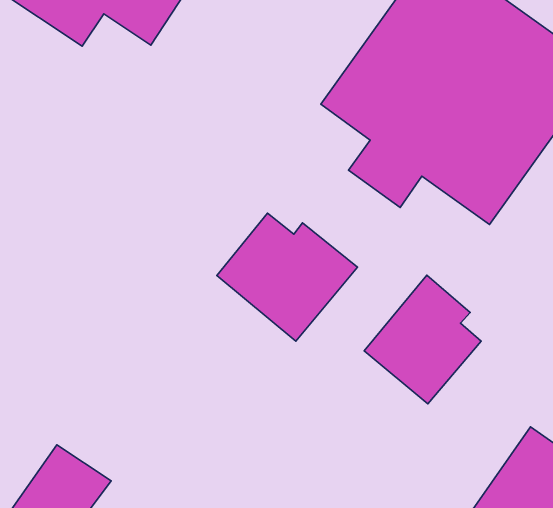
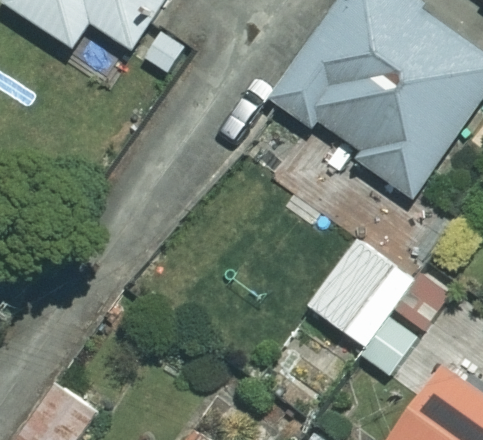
building: [217,213,358,341] -> none

